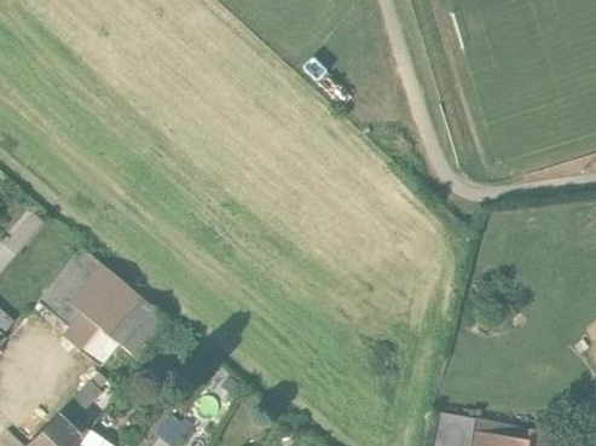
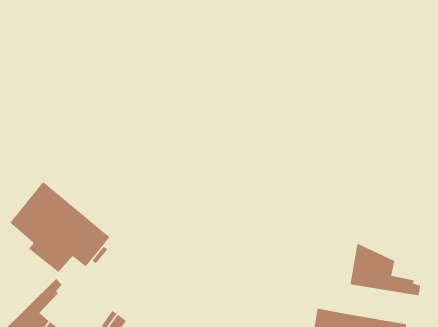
building: none -> [350,243,421,296]

